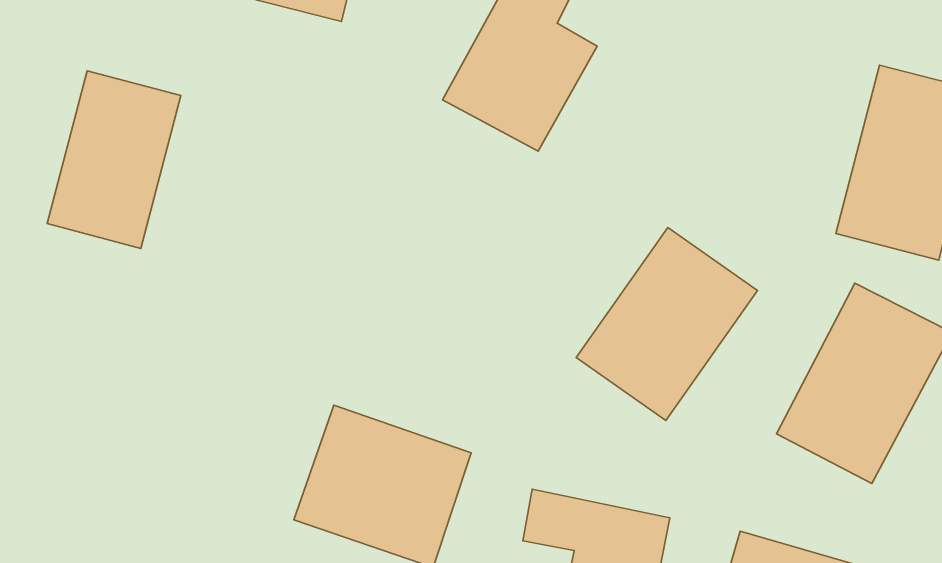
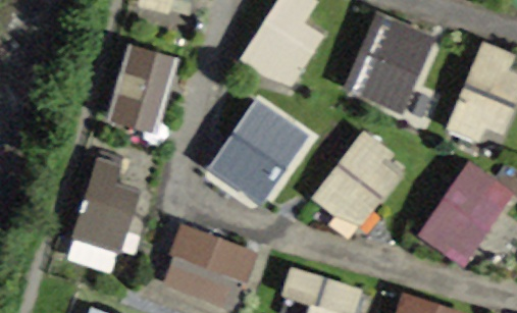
building: none -> [348,13,436,117]
building: [47,71,181,248] -> [105,43,176,138]
building: none -> [217,101,289,190]
building: none -> [71,167,144,253]

